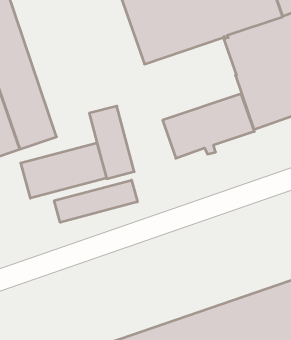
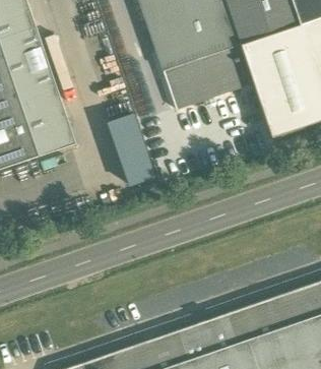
building: [163,94,254,158] -> [163,47,254,111]
building: [21,143,106,198] -> none
building: [54,180,137,222] -> none

